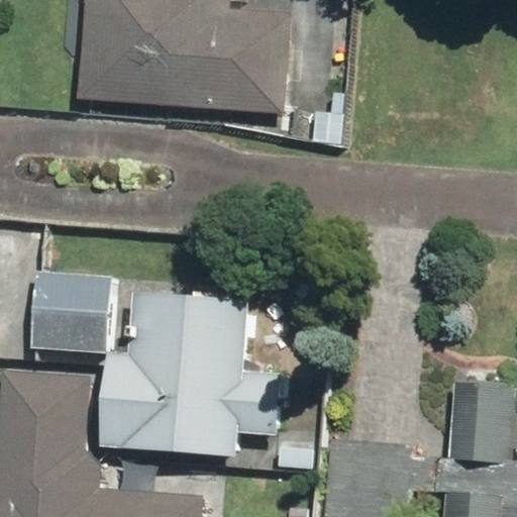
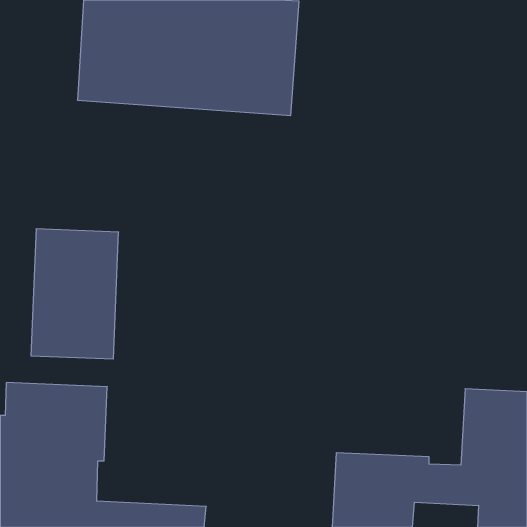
building: [102,290,245,457] -> none

